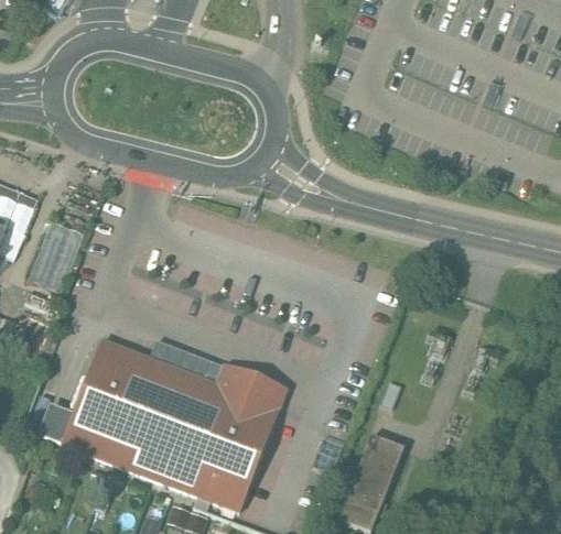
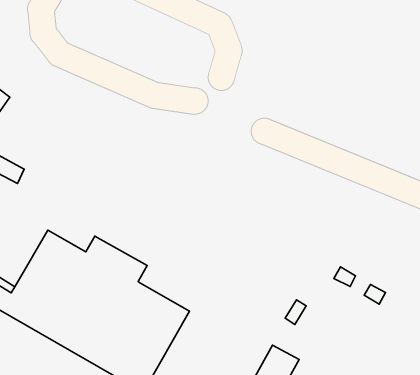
building: [34,231,75,262] -> none
building: [214,364,283,408] -> none

